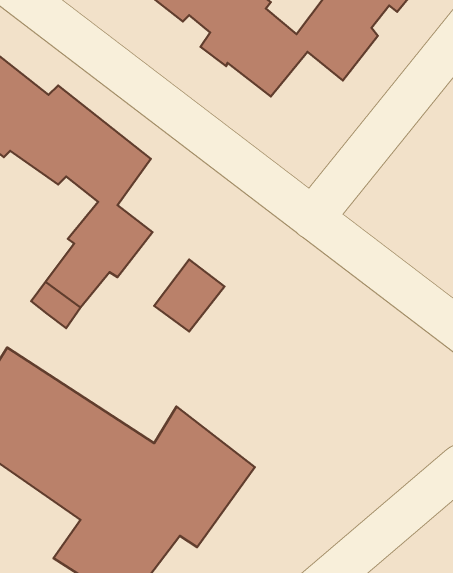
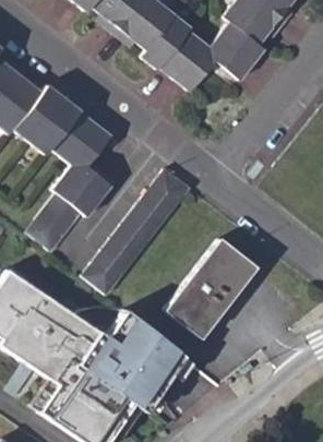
building: none -> [136,168,189,223]
building: none -> [83,236,136,292]
building: none -> [165,237,254,335]

